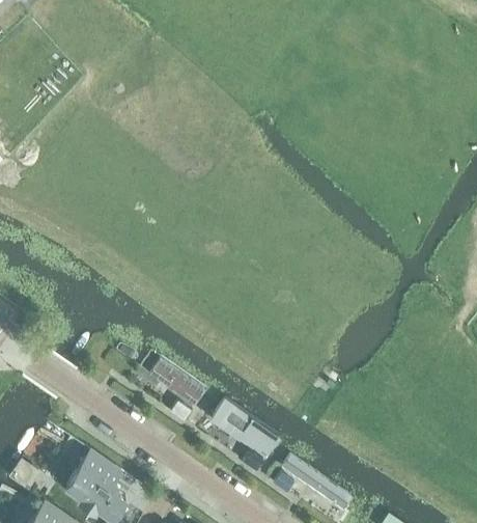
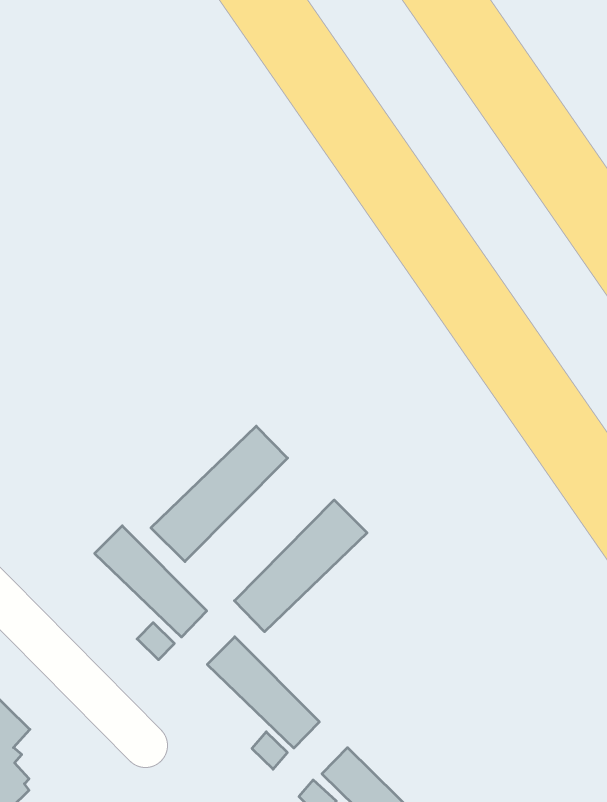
building: none -> [151,426,288,562]
building: none -> [234,500,367,632]

